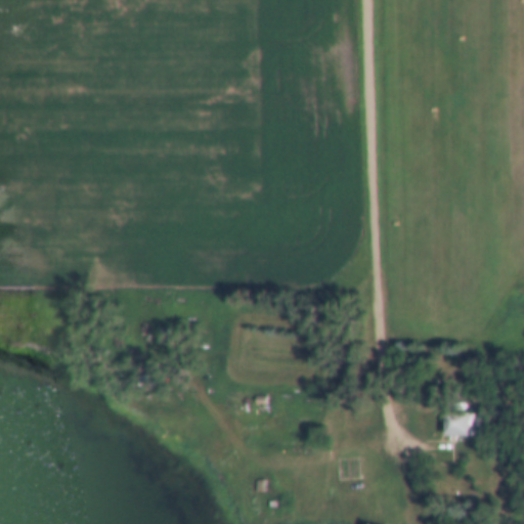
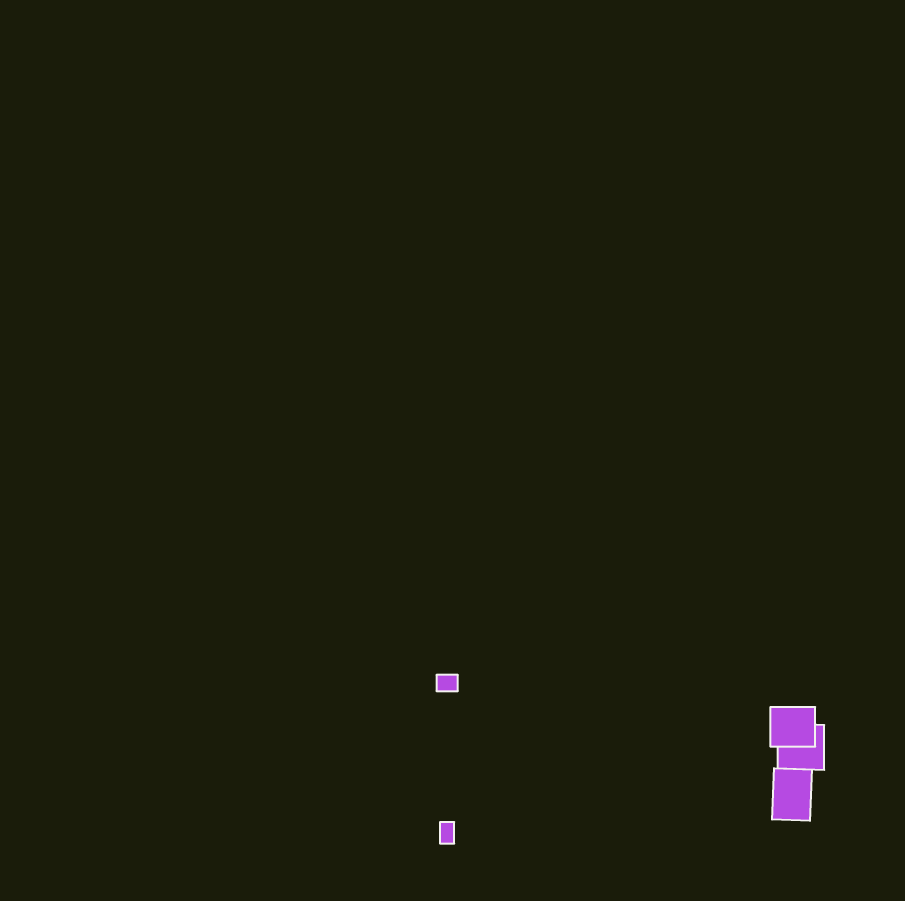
building: none -> [772,768,812,821]

